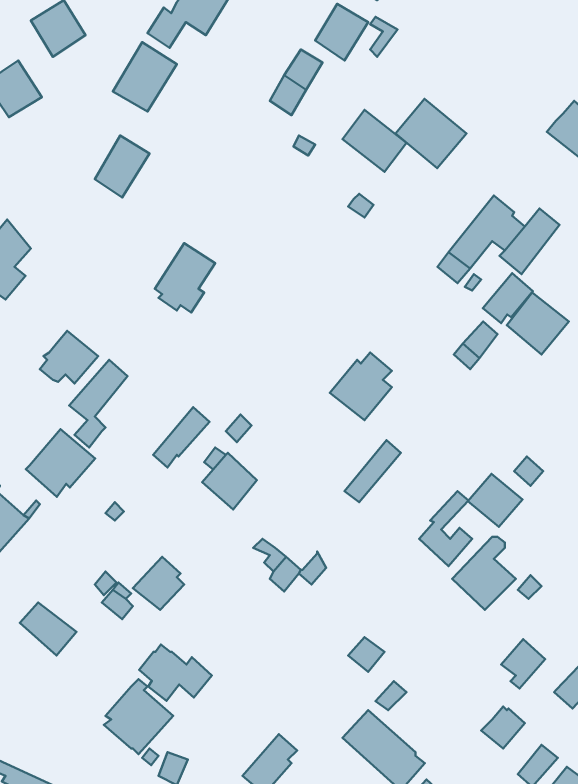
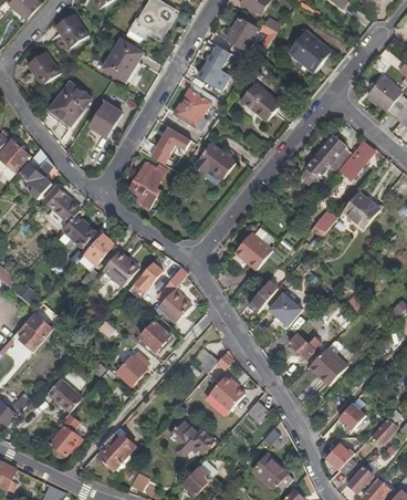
building: [395,99,466,168] -> [288,29,331,71]
building: none -> [50,83,92,128]
building: none -> [173,83,213,128]
building: none -> [149,124,191,164]
building: none -> [194,143,236,178]
building: [483,273,533,323] -> none
building: none -> [44,186,80,229]
building: [26,429,95,497] -> [96,252,138,293]
building: [468,474,523,527] -> [270,293,303,325]
building: none -> [139,322,168,352]
building: none -> [209,375,243,410]
building: [139,644,212,701] -> [169,421,213,456]
building: none -> [49,413,80,455]

